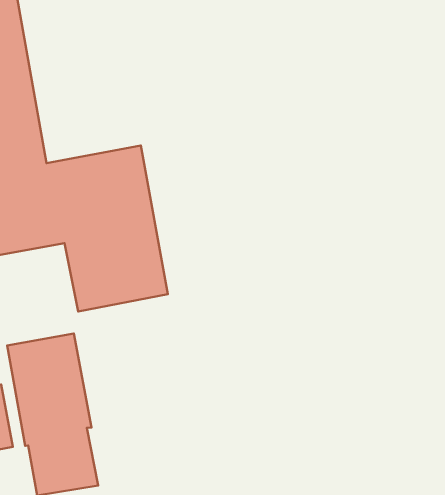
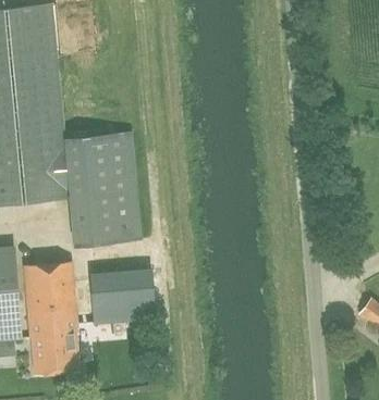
building: none -> [91,275,156,323]

